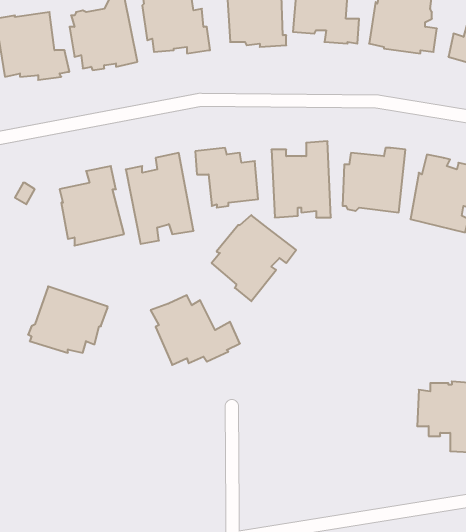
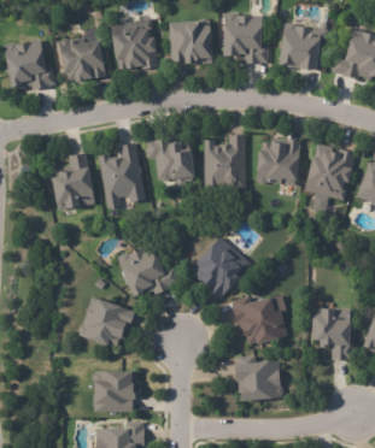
building: [212,215,296,301] -> [189,237,251,300]
building: [28,286,108,353] -> [77,297,135,346]
building: none -> [230,294,287,344]
building: none -> [233,356,283,402]
building: none -> [89,372,136,412]

